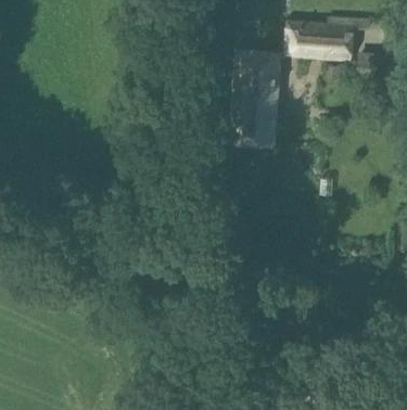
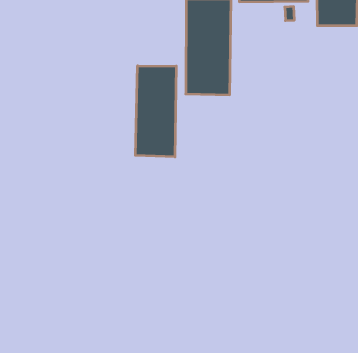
building: none -> [135,66,176,157]

